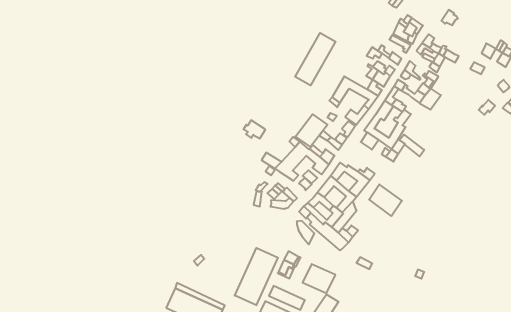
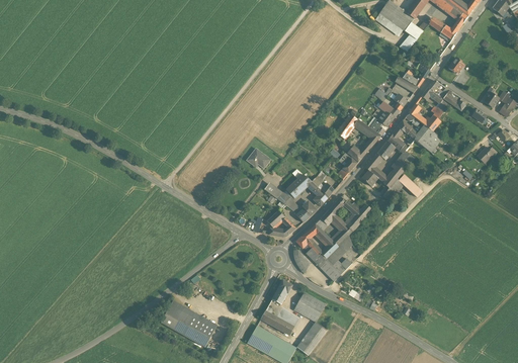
building: [295,33,336,85] -> none
building: [295,114,327,147] -> none
building: [369,184,402,216] -> none
building: [235,248,278,305] -> none

